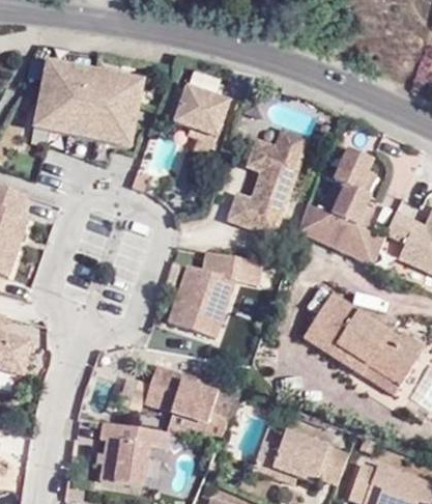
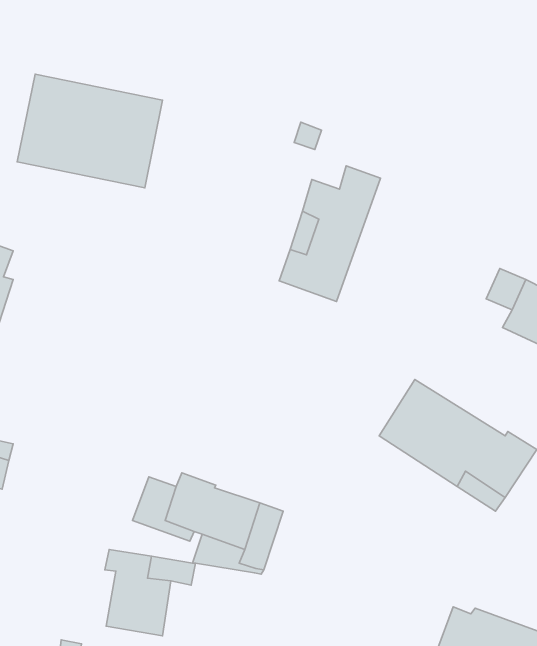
building: [174,89,226,155] -> none
building: [298,136,384,260] -> none
building: [168,252,258,337] -> none
building: [257,425,350,481] -> none

